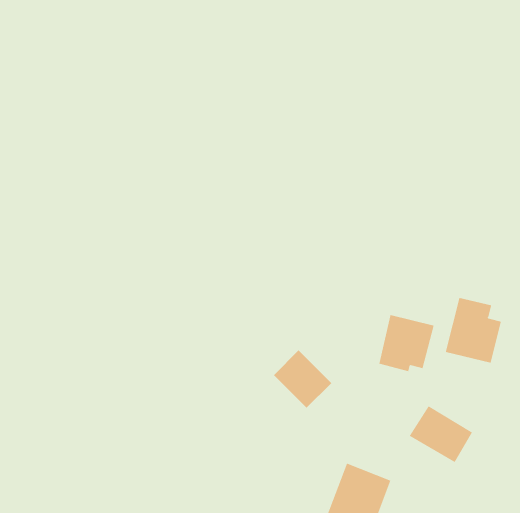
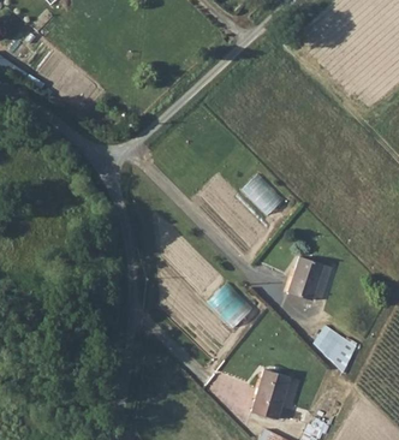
building: none -> [244,173,286,215]
building: [445,297,501,364] -> none

